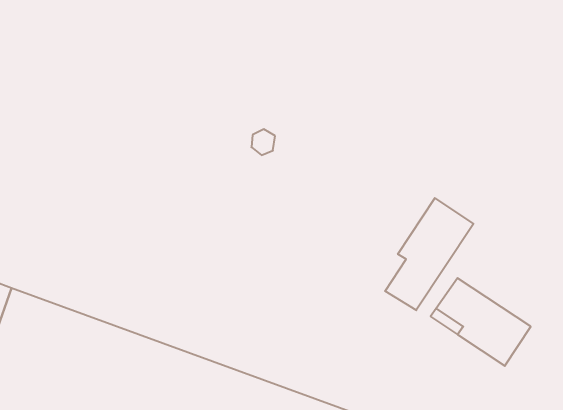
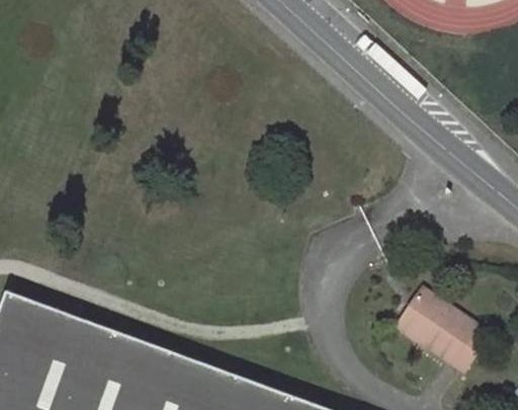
building: [385,198,473,310] -> none

